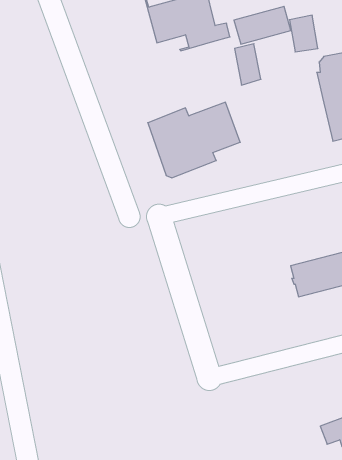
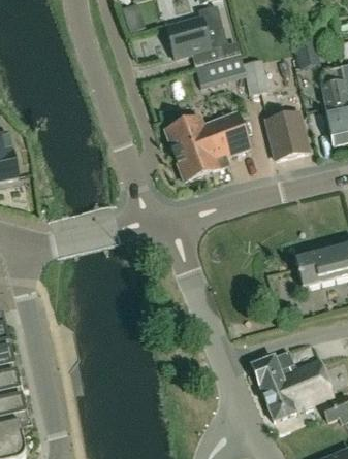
building: [234,6,291,44] -> [195,54,247,88]
building: none -> [267,111,309,159]
building: none -> [252,350,334,421]

